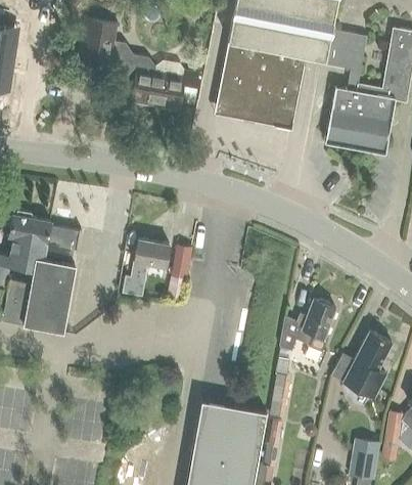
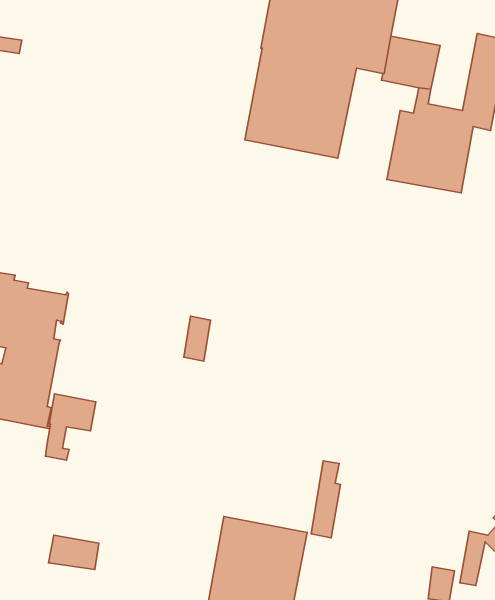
building: [79,20,198,109] -> none
building: [130,239,169,291] -> [45,394,96,460]
building: [278,301,335,353] -> none
building: [344,333,392,399] -> none

